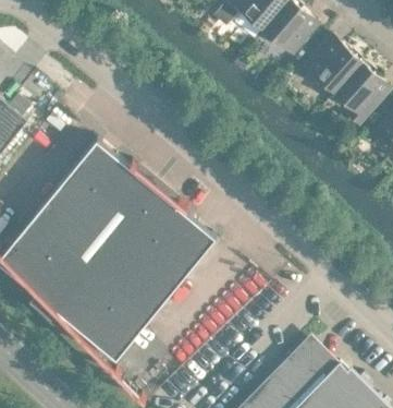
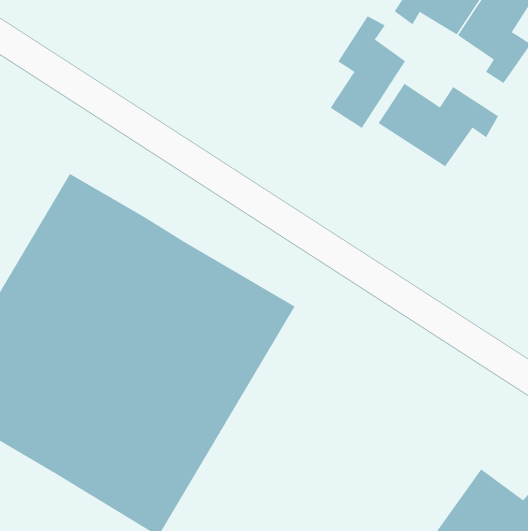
building: none -> [330,16,406,129]
building: none -> [378,83,499,167]

